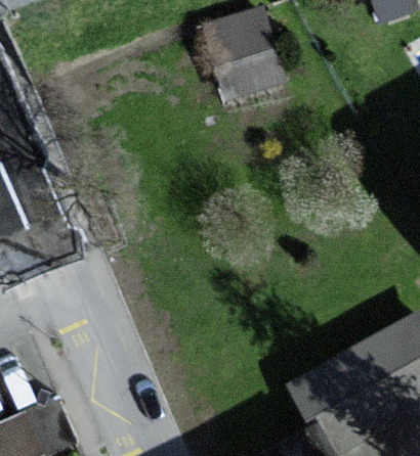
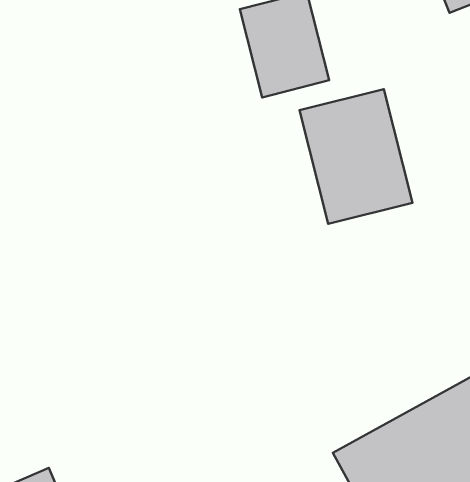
building: none -> [299,89,413,224]

